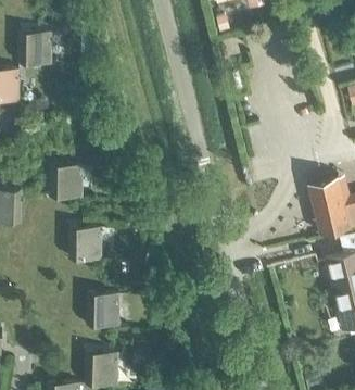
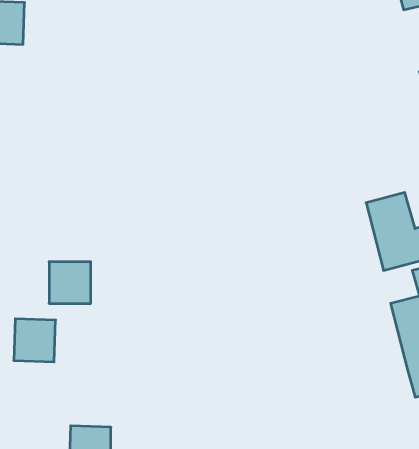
building: [50,166,81,199] -> none
building: [87,294,118,327] -> [14,319,56,362]

